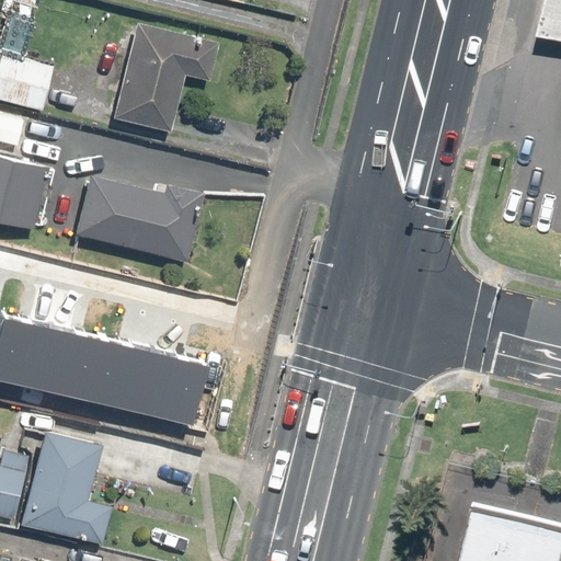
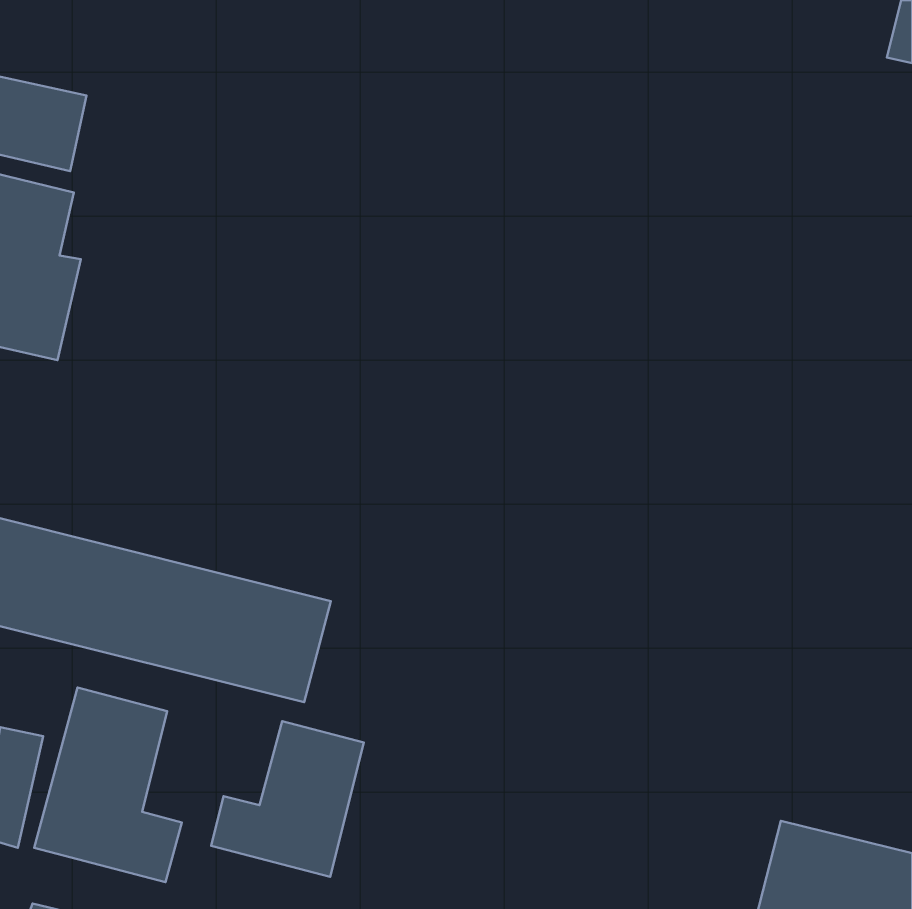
building: [112,20,218,130] -> none
building: [76,173,206,261] -> none
building: none -> [211,721,364,877]

